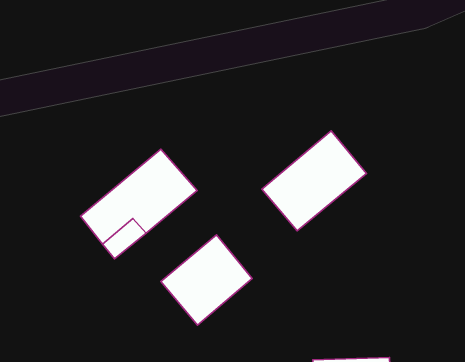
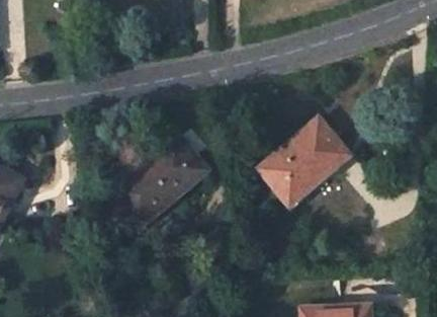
building: [161,235,252,325] -> none

